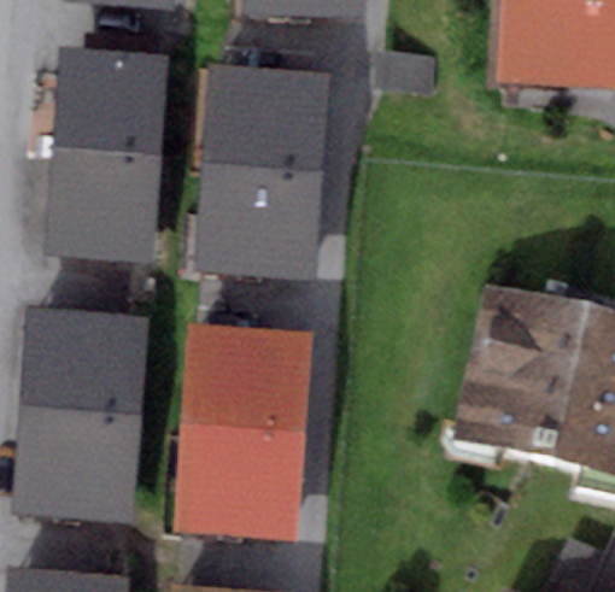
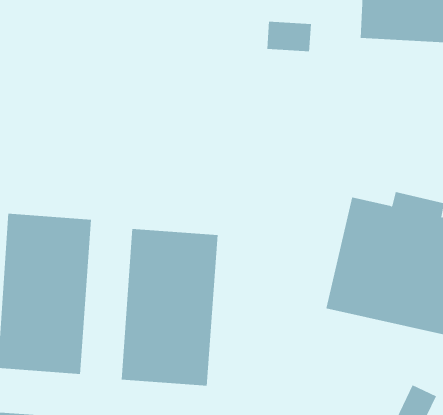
building: [47,49,171,263] -> none
building: [197,66,328,283] -> none

